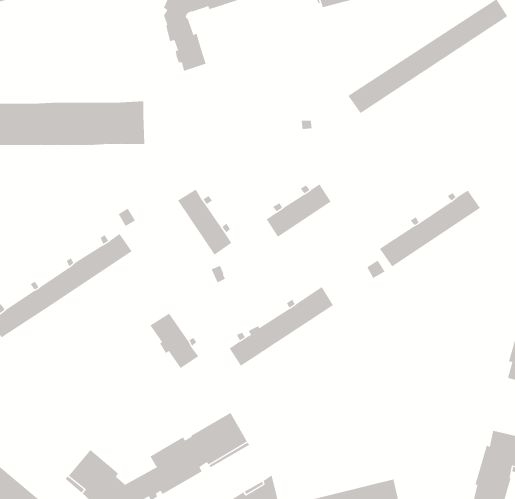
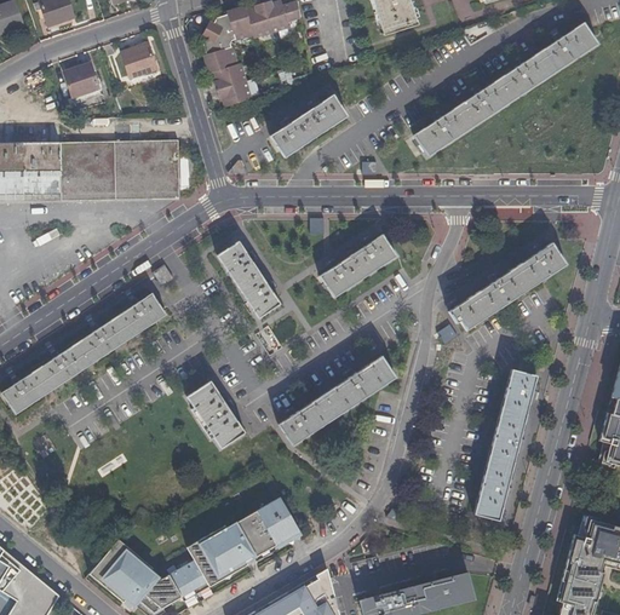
building: none -> [122,44,159,79]
building: none -> [64,63,102,98]
building: none -> [272,96,348,156]
building: none -> [473,369,535,519]

